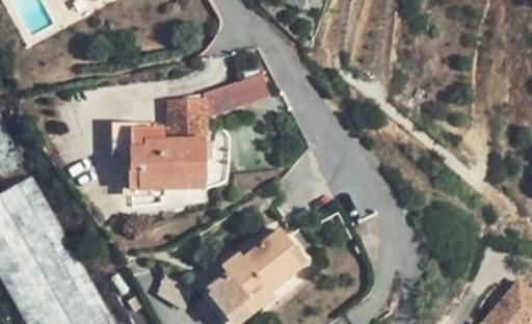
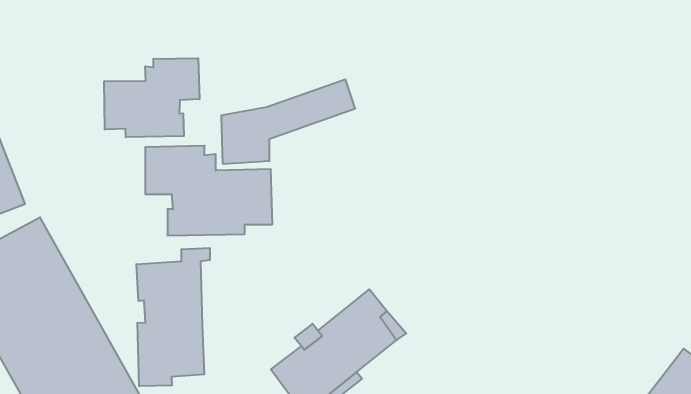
building: none -> [104,58,199,137]
building: none -> [136,248,210,386]

